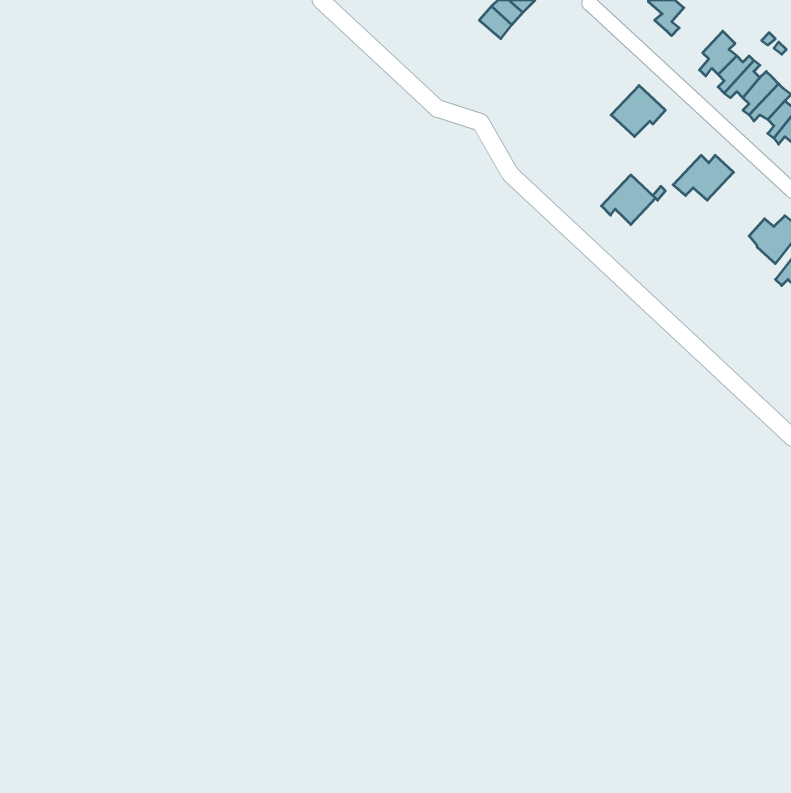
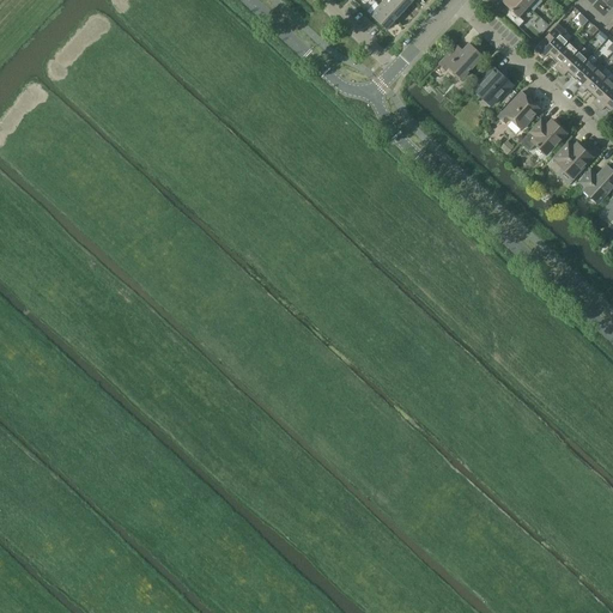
building: none -> [439,43,484,79]
building: [601,175,656,225] -> [499,92,541,131]
building: none -> [547,141,593,177]

